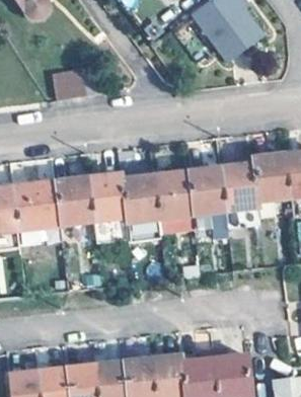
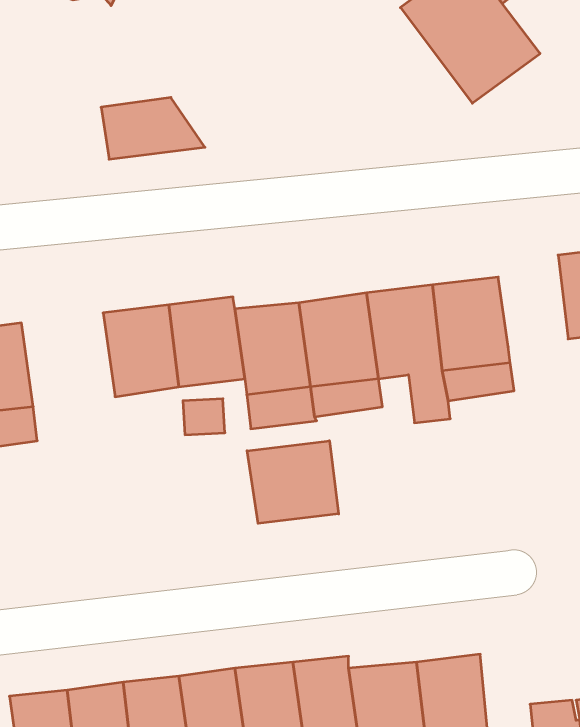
building: [254,150,291,196] -> none
building: [13,179,61,227] -> none
building: none -> [247,441,339,523]

